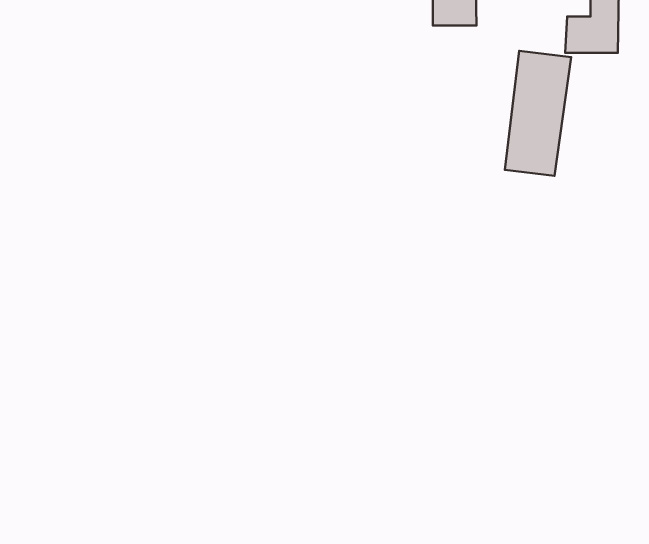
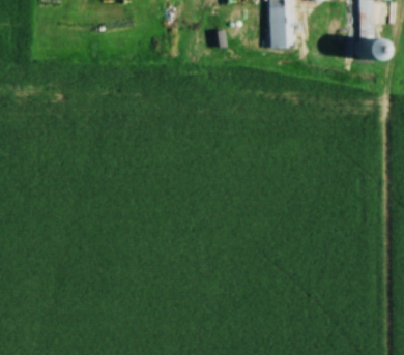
building: [505,51,571,176] -> none

